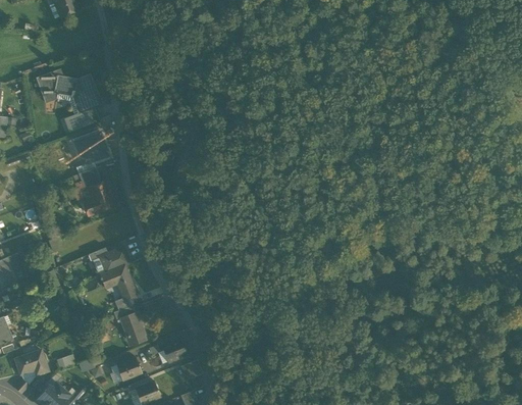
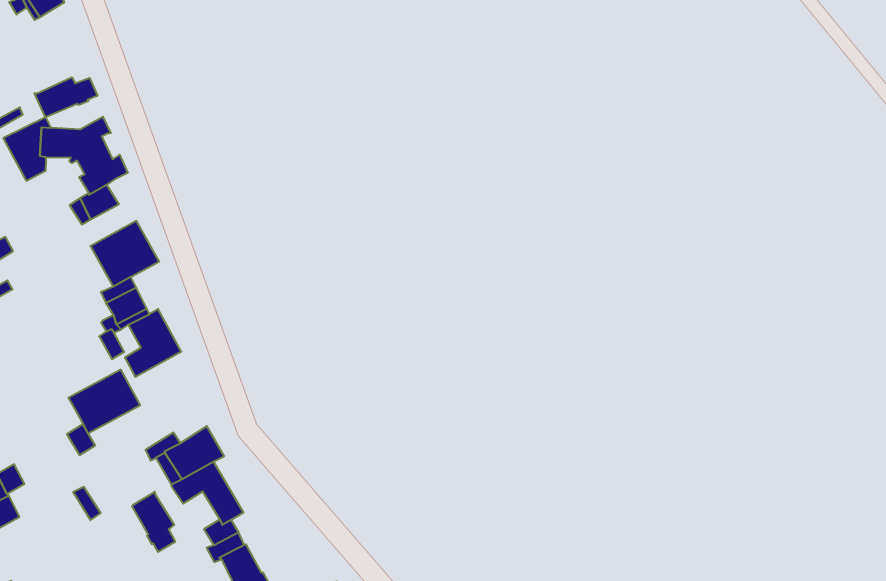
building: none -> [35,77,97,117]
building: none -> [69,370,140,433]
building: none -> [132,492,175,552]

